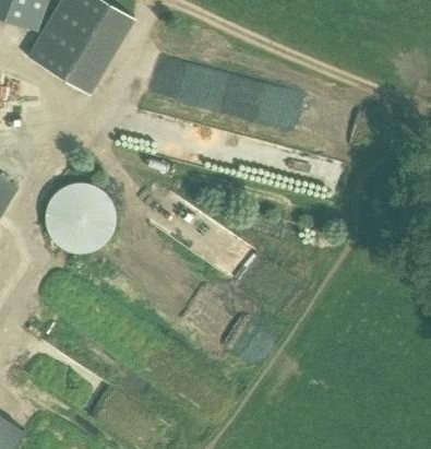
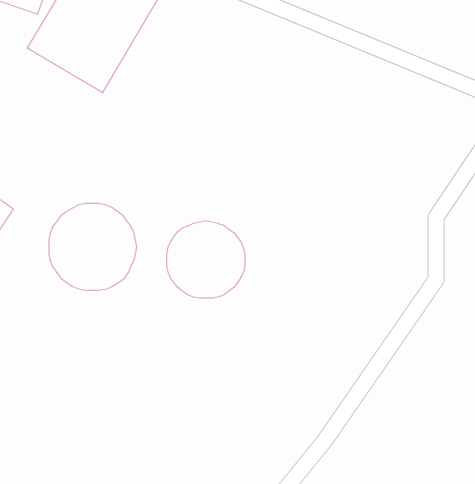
building: none -> [167,221,245,298]

